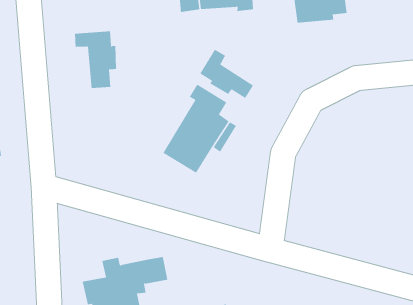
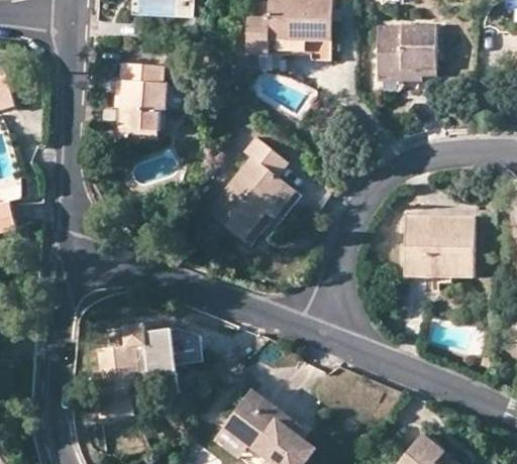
building: none -> [120,79,156,139]
building: [200,49,254,99] -> none
building: none -> [405,214,474,275]

